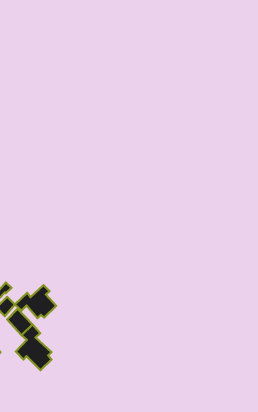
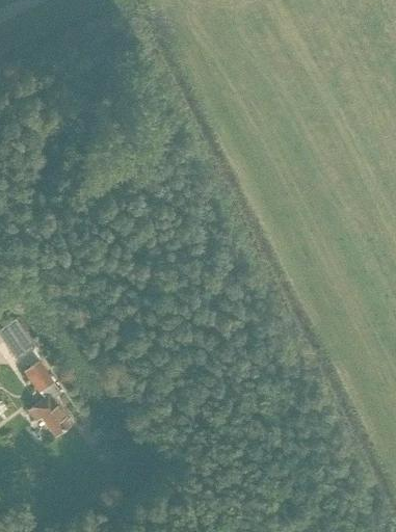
building: [15,285,56,318] -> none

